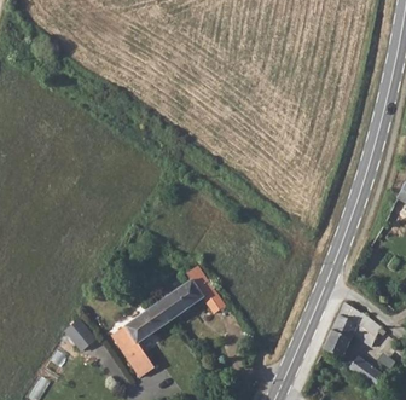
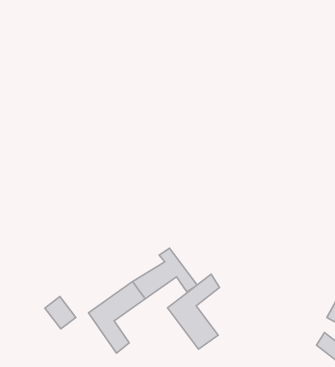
building: none -> [168,274,220,349]
building: [323,302,362,356] -> none

